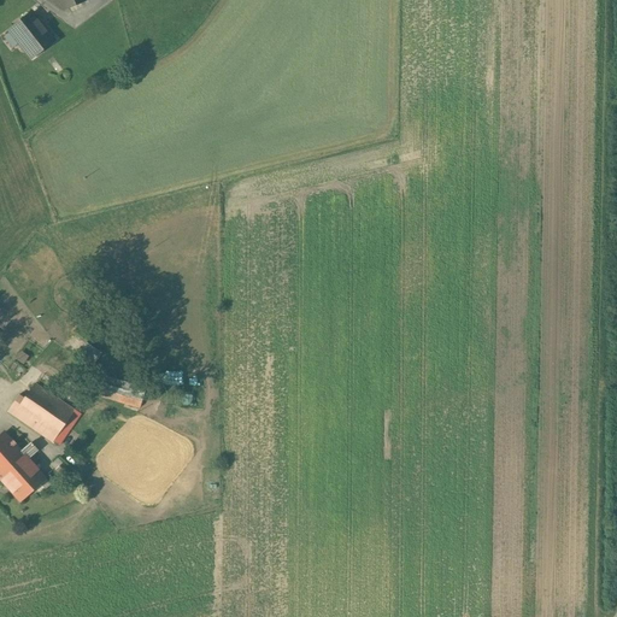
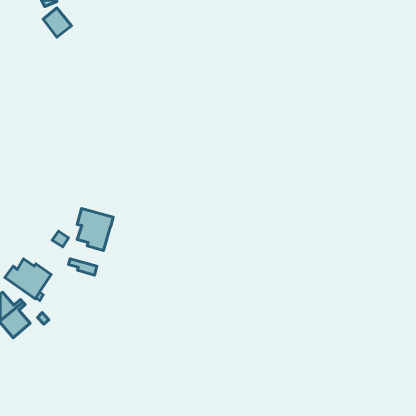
building: [11,14,53,58] -> [43,8,72,37]
building: none -> [77,209,113,251]

